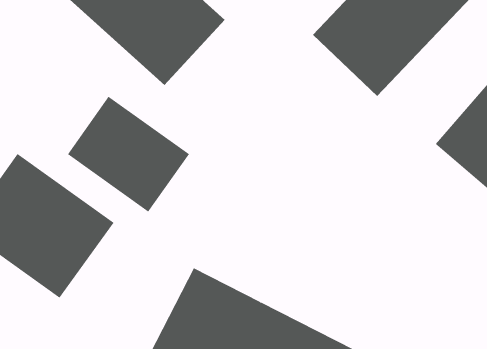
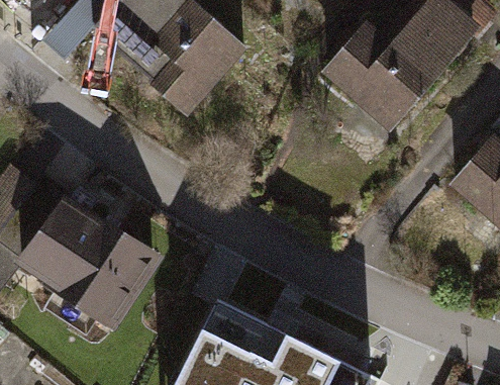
building: [67,96,190,212] -> none

